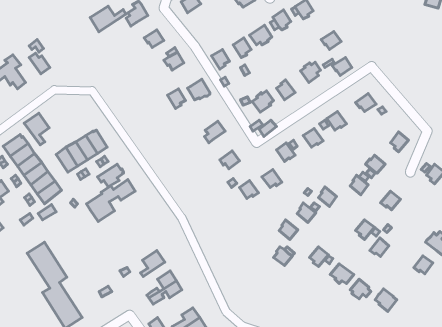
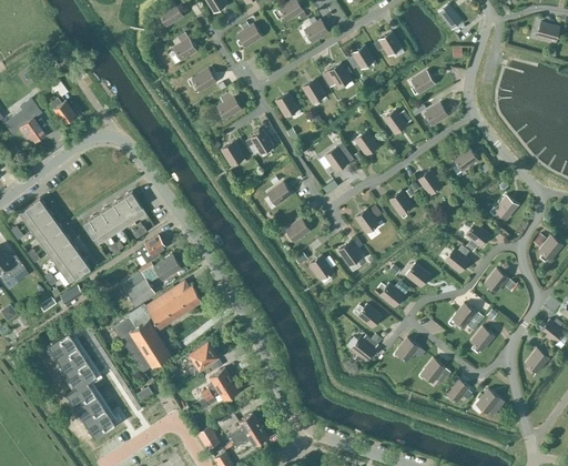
building: [90,6,126,32] -> none
building: [24,113,49,145] -> none
building: none -> [113,281,202,372]

